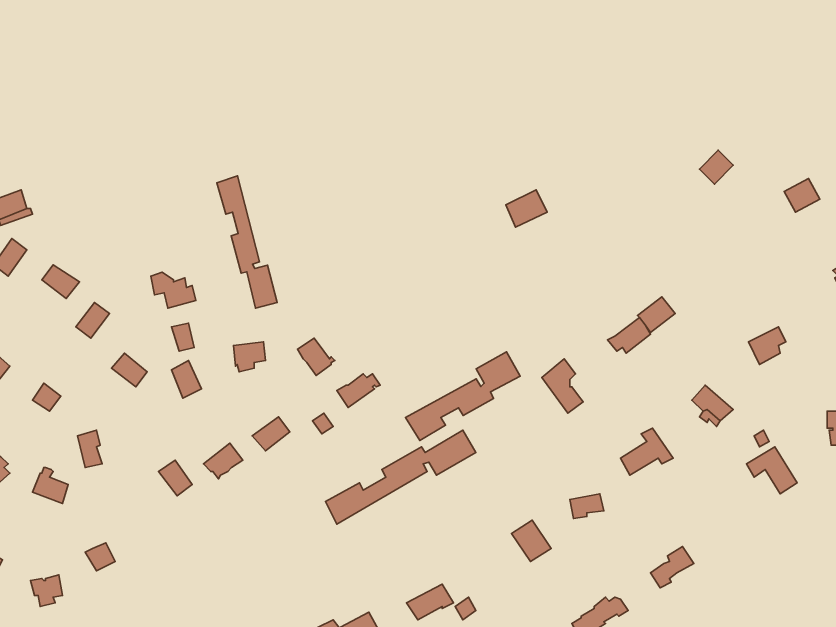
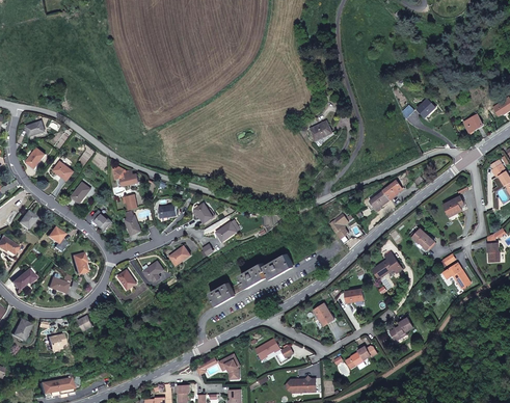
building: [217,176,277,308] -> none
building: [406,352,520,440] -> none

